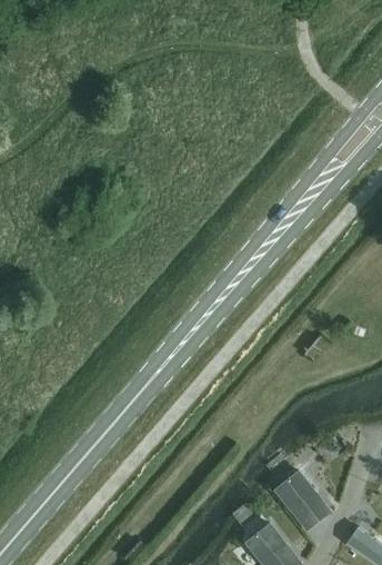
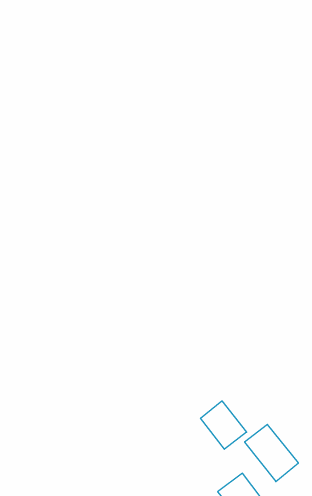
building: none -> [201,401,247,449]

